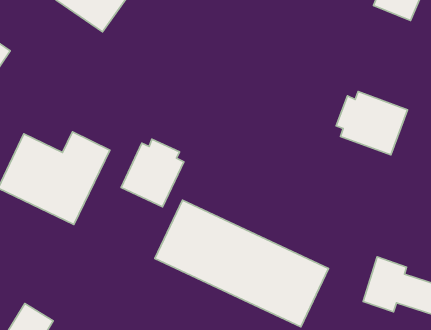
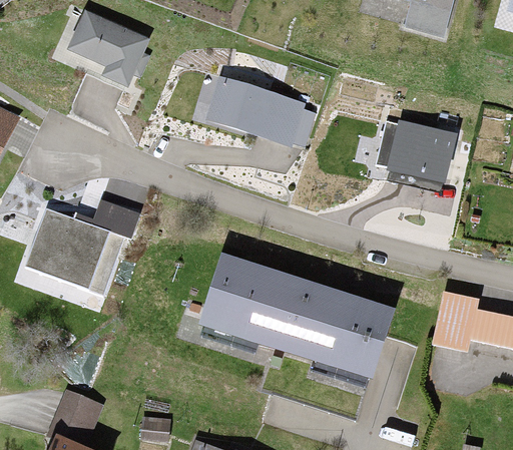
building: none -> [198,75,304,143]
building: [121,139,184,207] -> none

